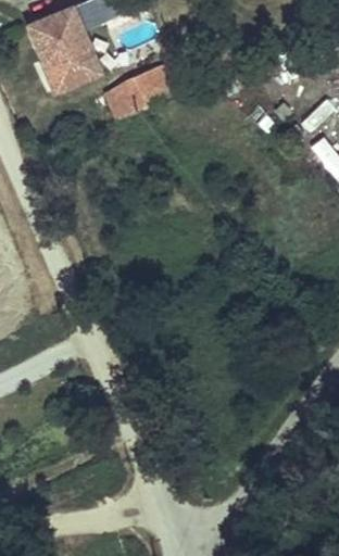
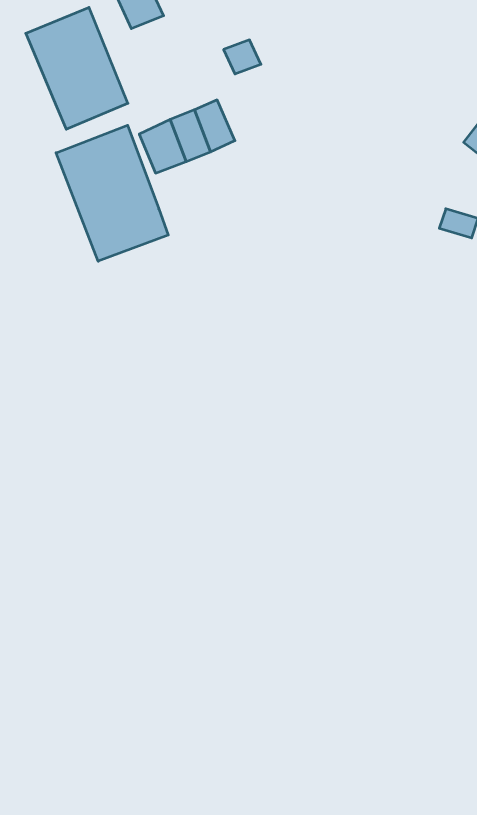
building: none -> [56,125,168,261]

